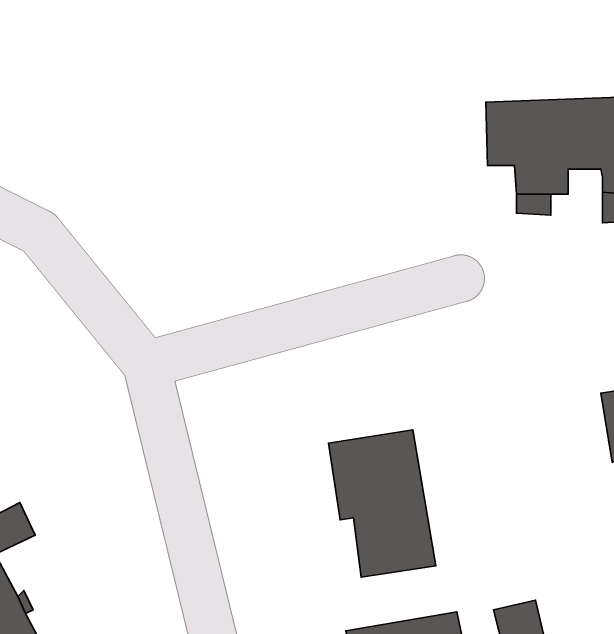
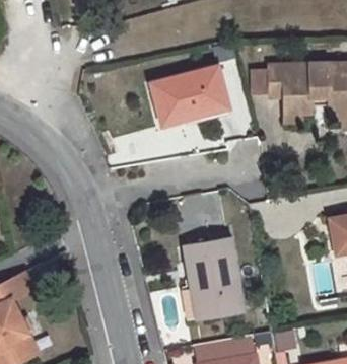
building: none -> [150,66,228,126]

